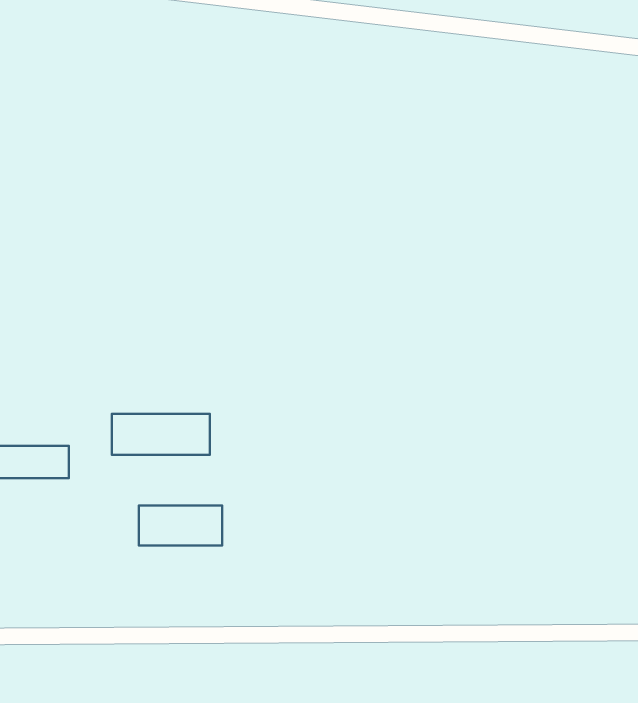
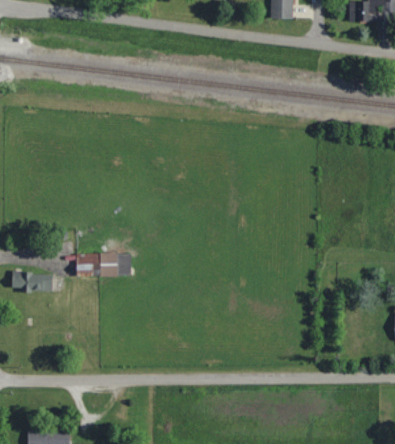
building: [139,506,222,546] -> none

